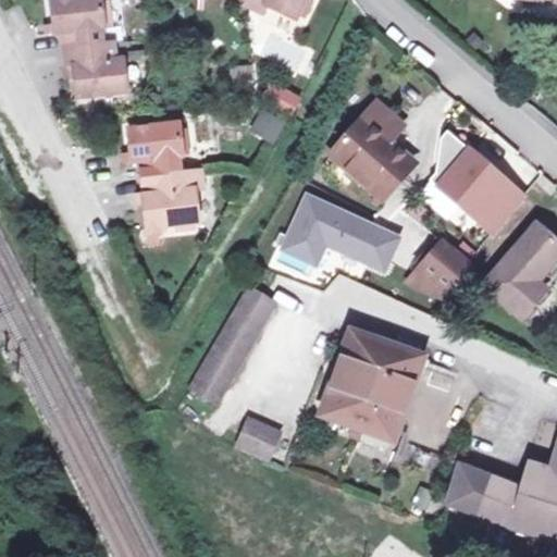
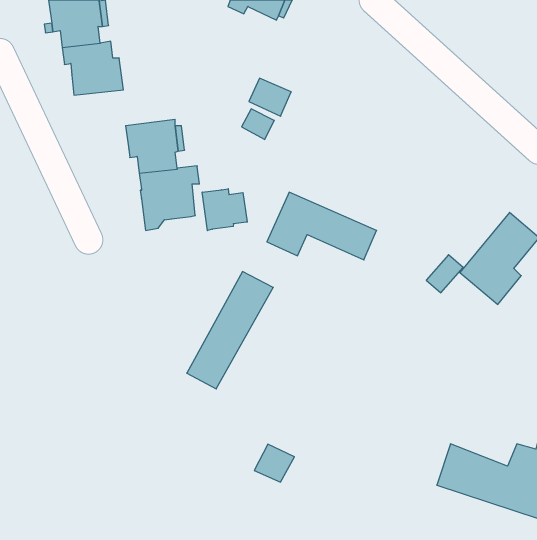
building: [324,101,406,197] -> none
building: [422,128,516,228] -> none
building: none -> [202,189,247,231]
building: [413,238,465,288] -> none
building: [332,334,429,438] -> none
building: [238,420,280,459] -> [254,444,294,482]

